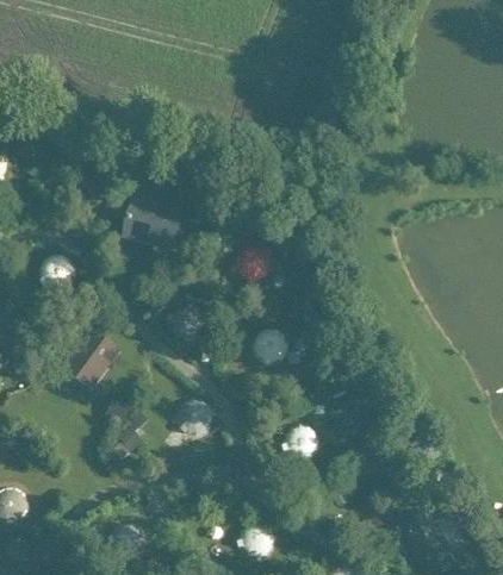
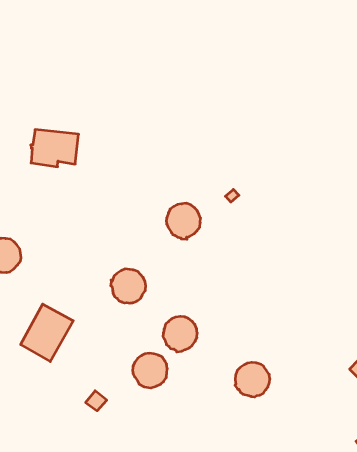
building: [126,201,181,244] -> [31,130,79,167]
building: [253,327,290,364] -> [163,316,197,352]

